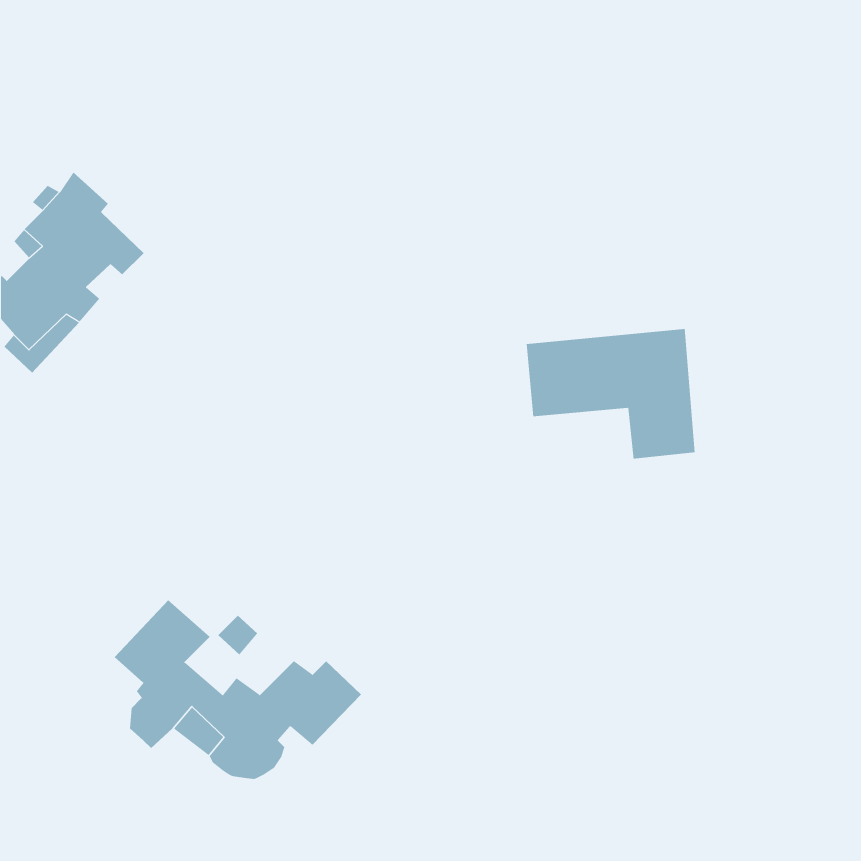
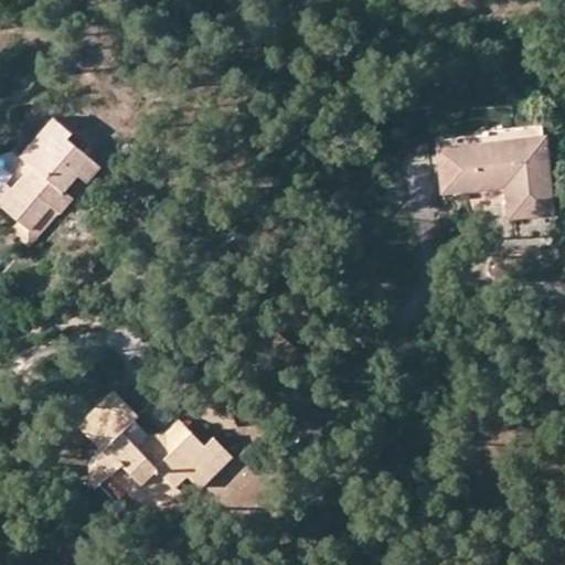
building: [526,328,696,459] -> [440,135,551,220]
building: none -> [125,419,195,456]

